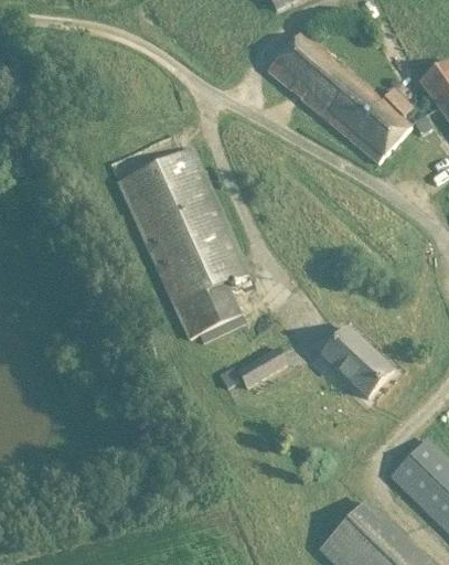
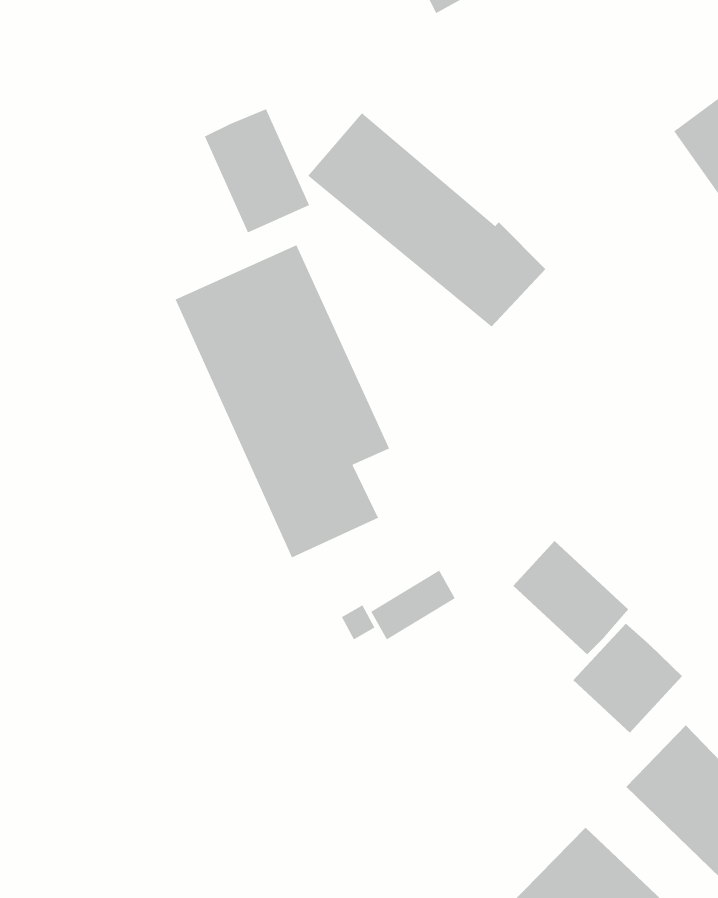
building: [267,32,411,162] -> [307,112,546,328]
building: none -> [204,108,310,233]
building: none -> [573,623,683,734]

